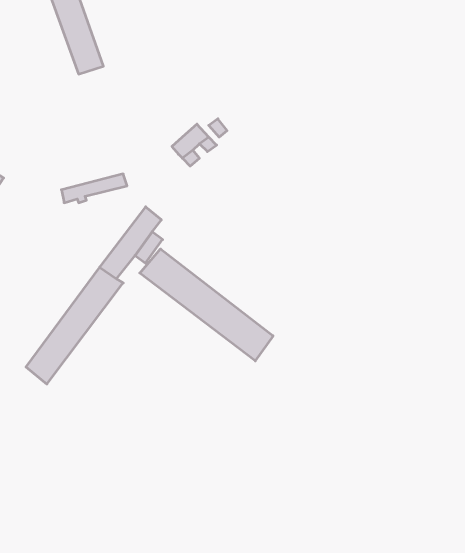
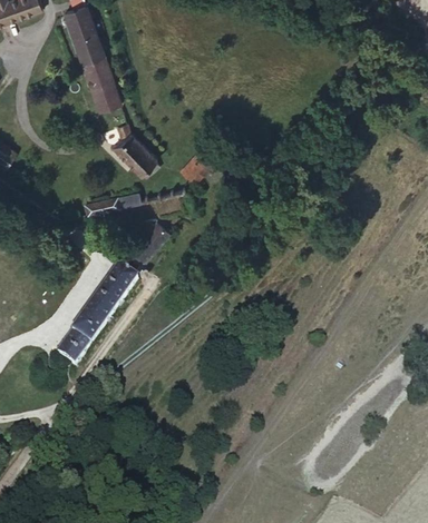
building: none -> [110,117,157,176]
building: [140,249,273,361] -> none

